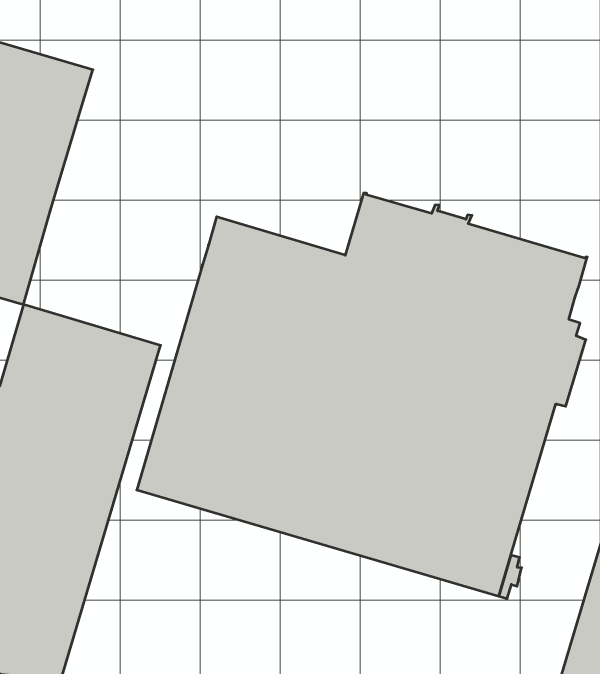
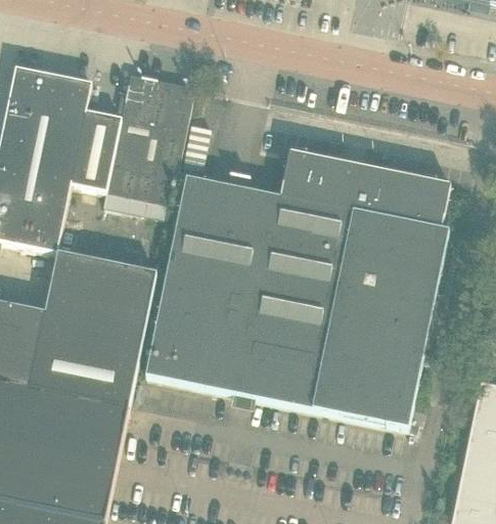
building: none -> [70,71,196,216]

